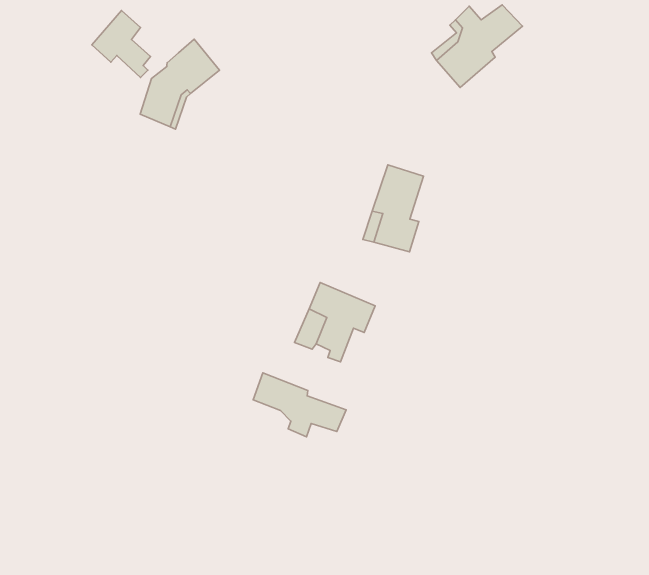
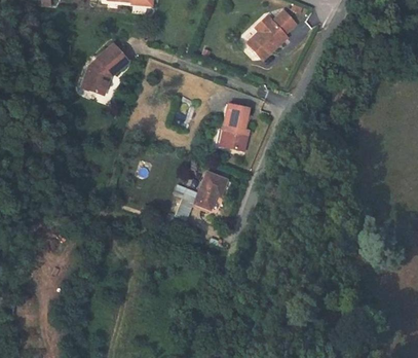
building: [92,11,151,77] -> none
building: [253,373,346,437] -> none

